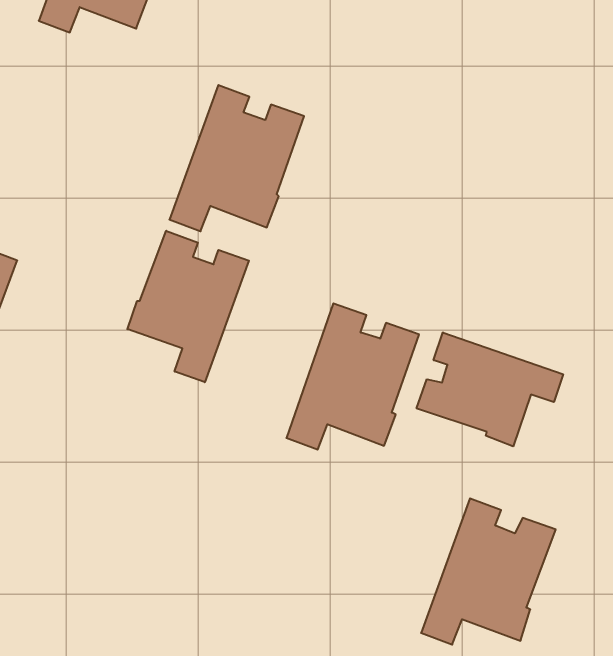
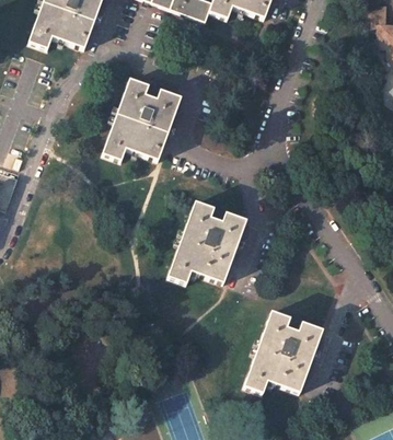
building: [127,231,249,382] -> none
building: [417,332,563,446] -> none

